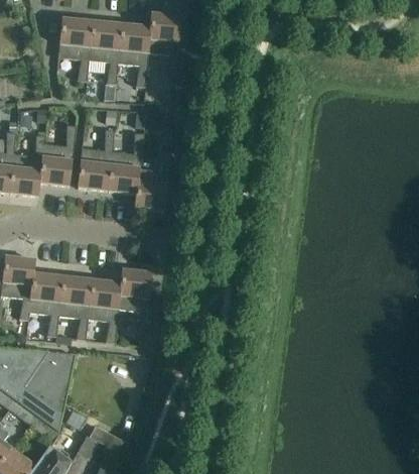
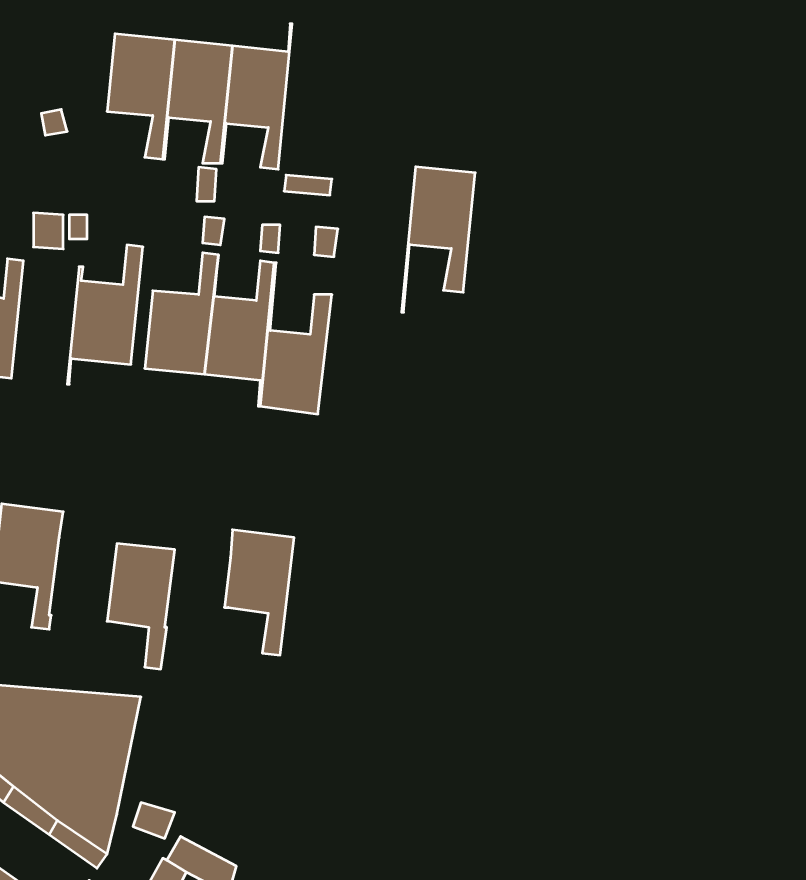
building: [144,12,181,86] -> [402,167,475,312]
building: [9,132,43,195] -> none
building: [28,272,62,336] -> none
building: [87,278,120,342] -> none

